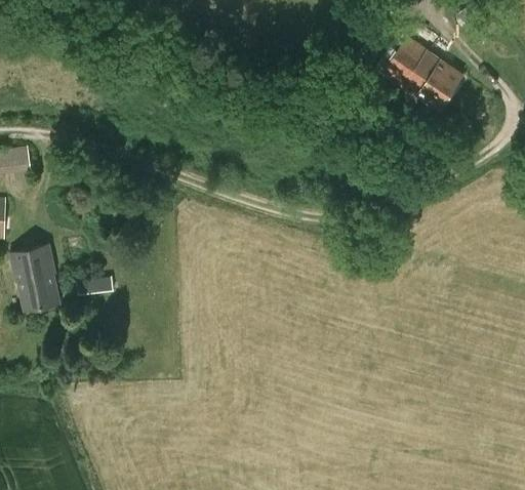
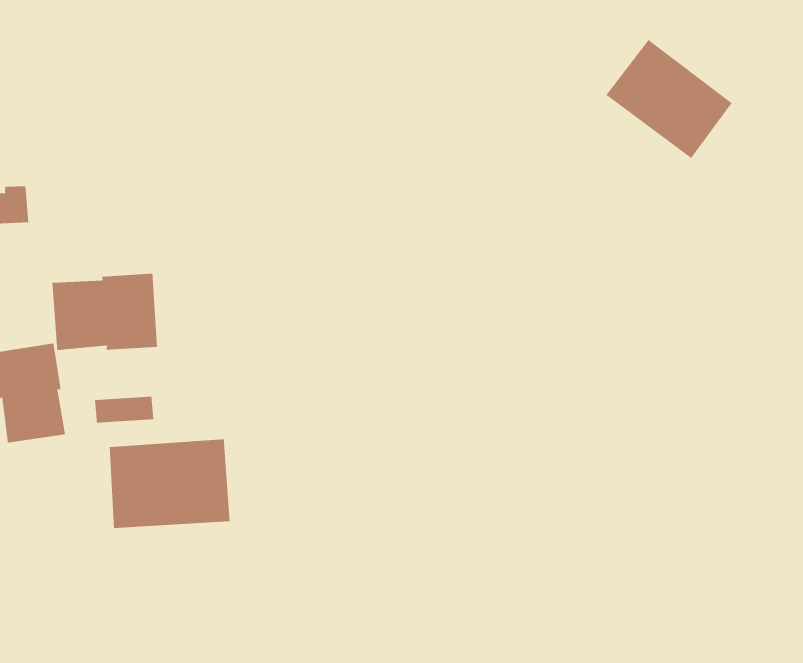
building: none -> [52,273,158,351]
building: none -> [109,439,230,529]

